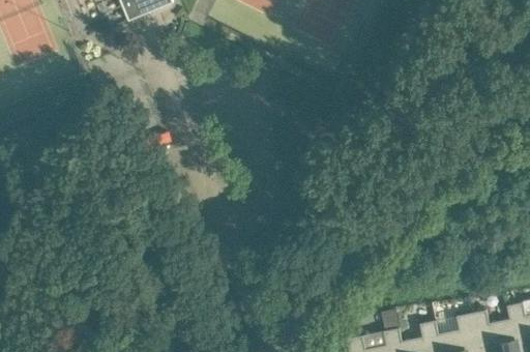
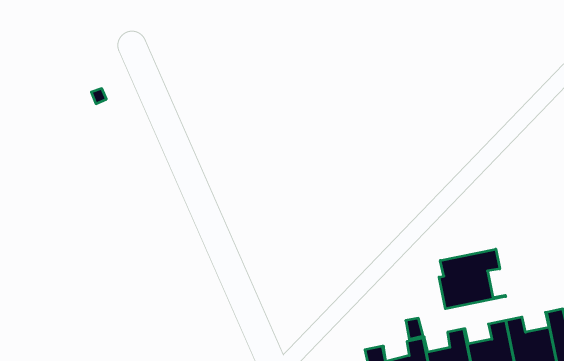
building: none -> [439,249,506,309]

